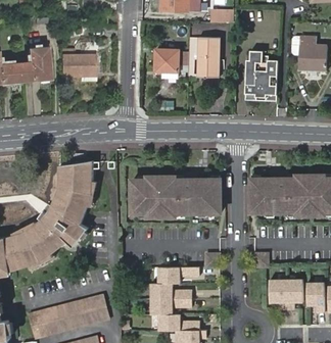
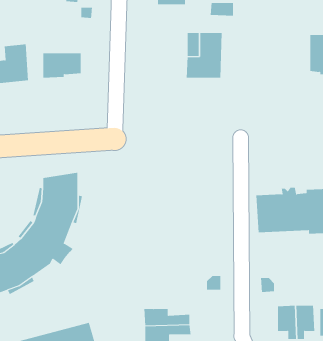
building: [154,48,177,75] -> none
building: [245,53,280,102] -> none
building: [131,170,221,214] -> none
building: [158,265,200,282] -> none

